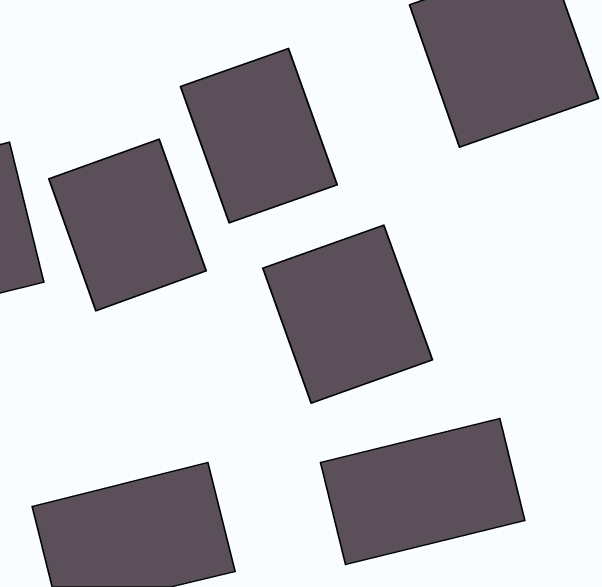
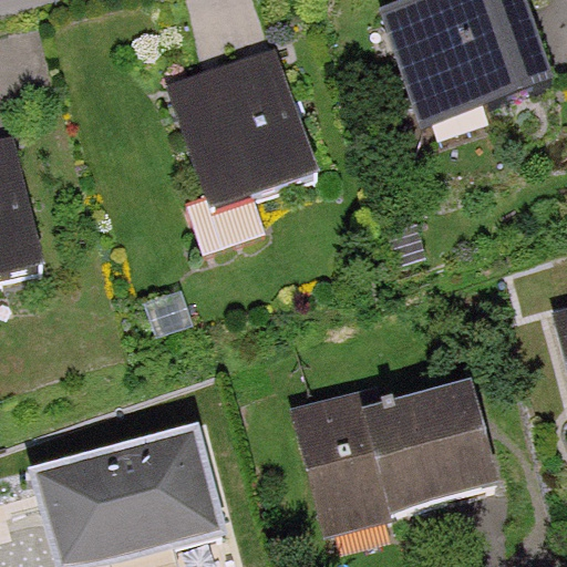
building: [49,139,206,311] -> none
building: [263,225,433,403] -> none

